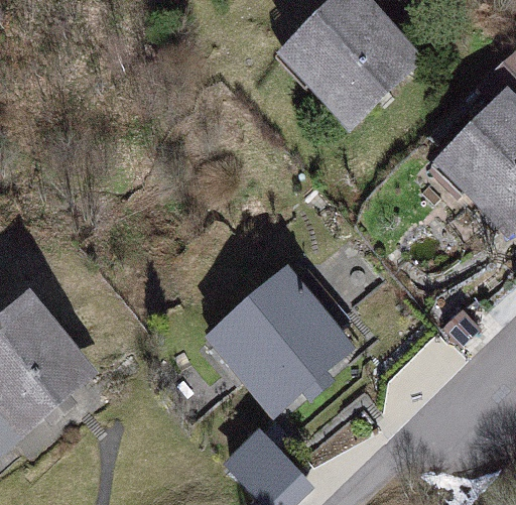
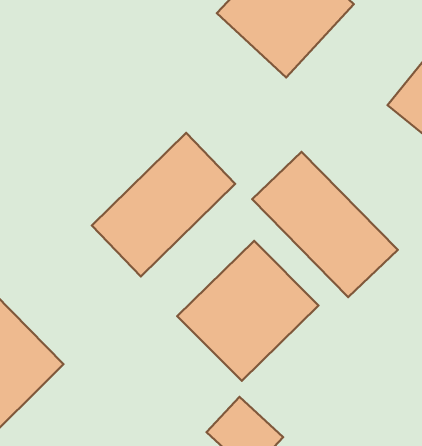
building: none -> [92,133,235,276]
building: none -> [252,152,398,297]

